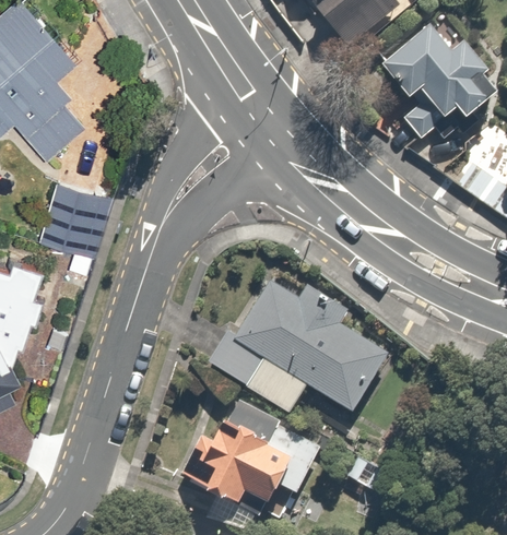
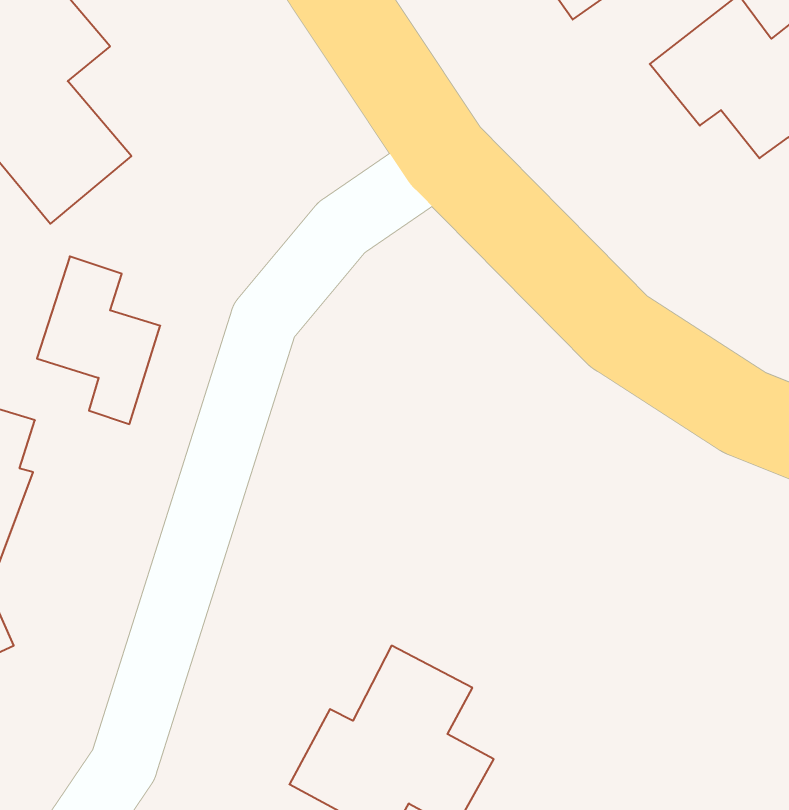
building: [204,282,393,414] -> none

